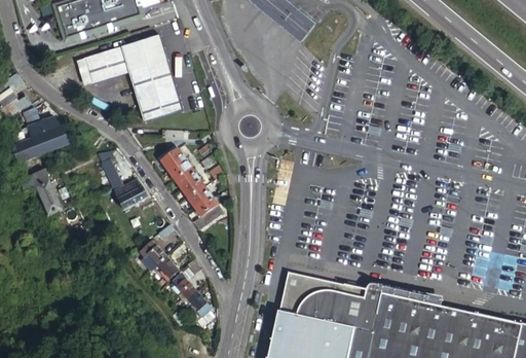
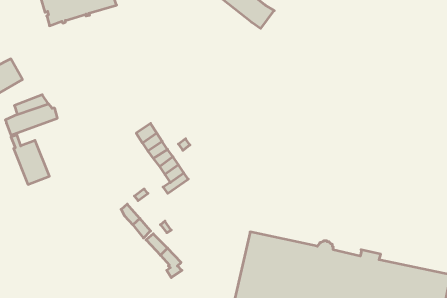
building: [80,36,179,123] -> none
building: [98,153,147,211] -> none

